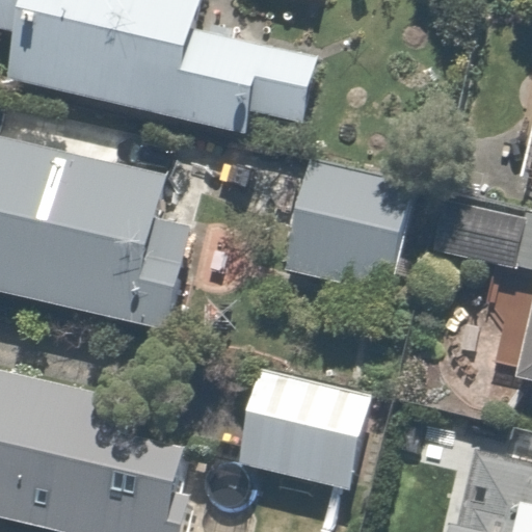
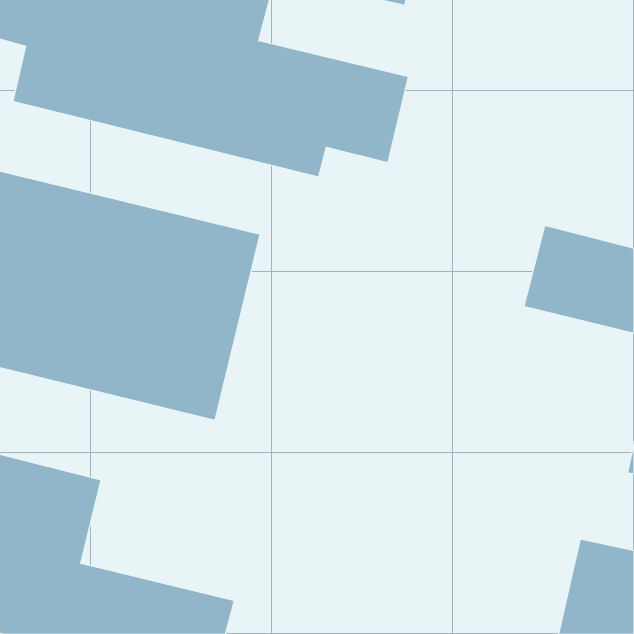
building: [285,157,419,295] -> none
building: [235,366,379,491] -> none

